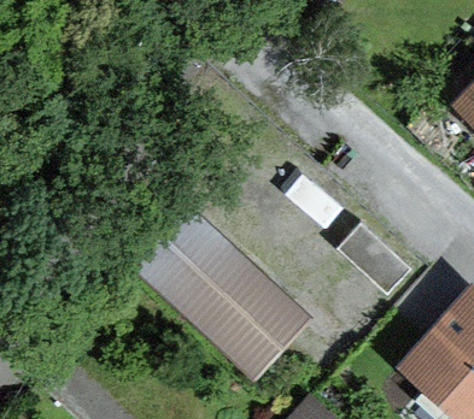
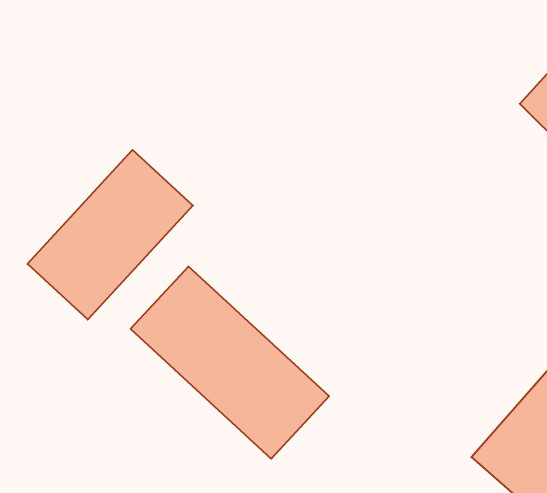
building: none -> [27,150,193,320]

